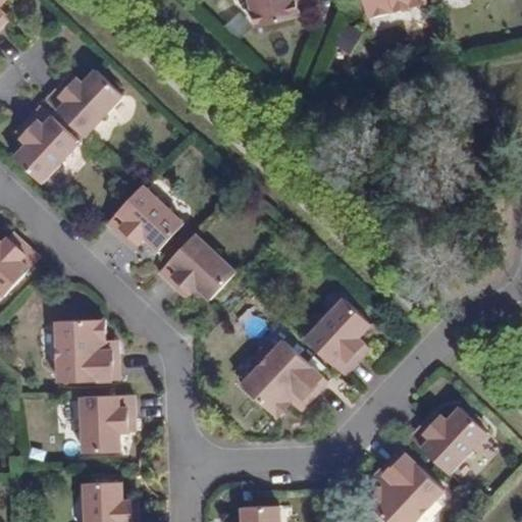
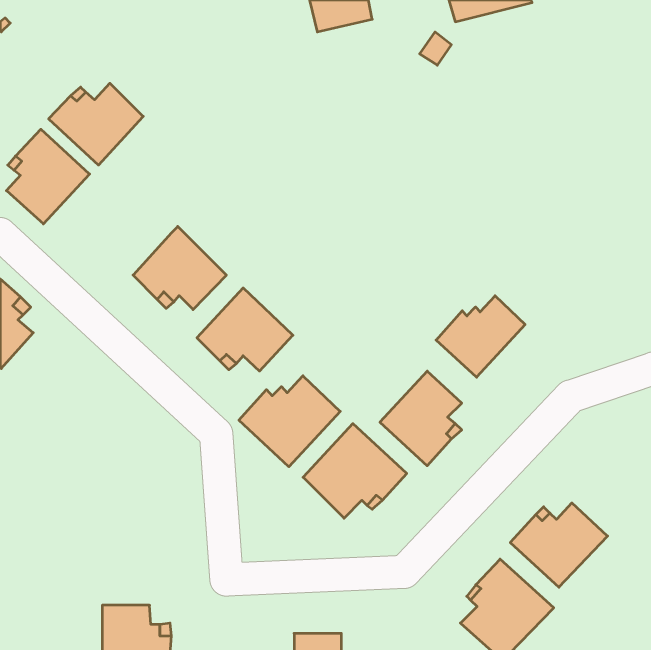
building: none -> [436,296,525,377]
building: none -> [239,376,340,467]
building: [53,319,113,382] -> none
building: [81,395,136,452] -> none

